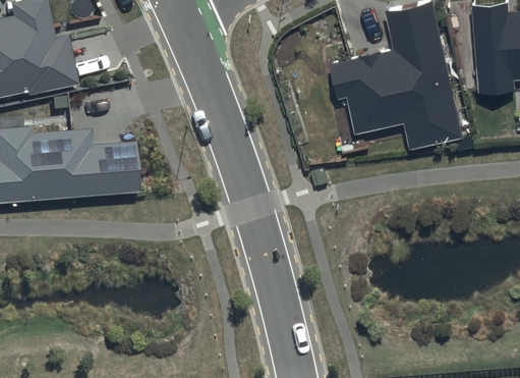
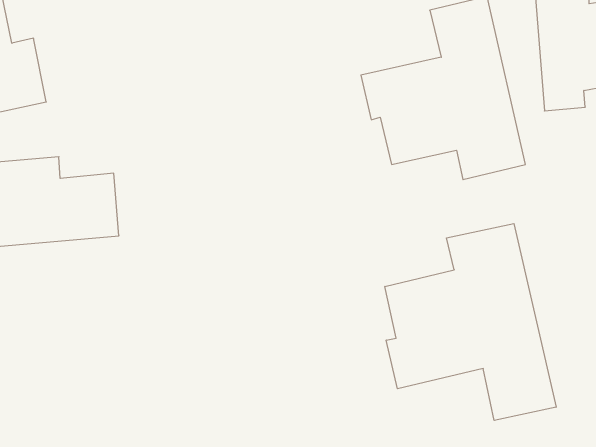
building: none -> [385,224,556,420]

